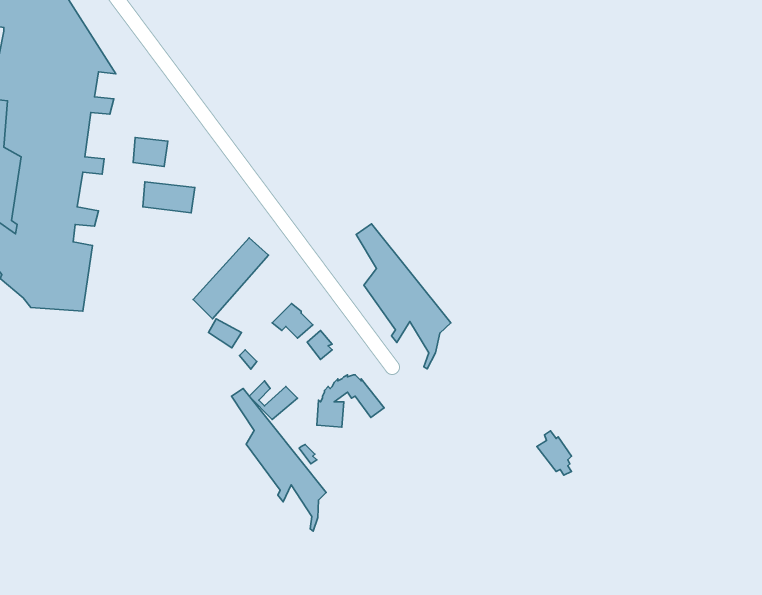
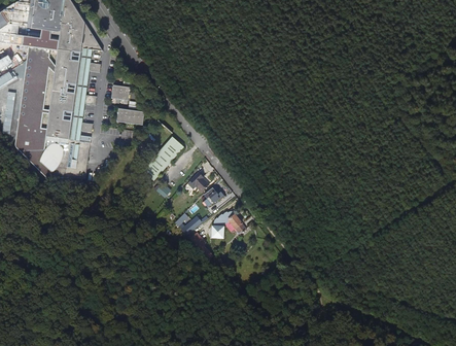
building: [356,224,451,369] -> none
building: [232,389,326,531] -> none

